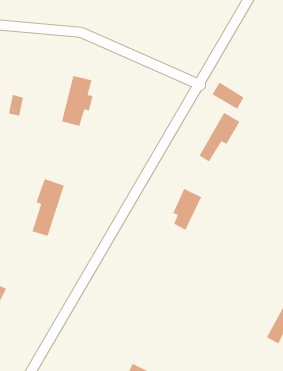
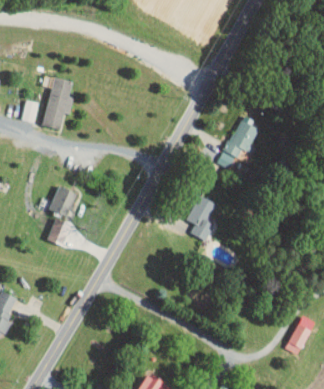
building: [61,75,93,127] -> [41,77,74,130]
building: [211,81,245,110] -> none

